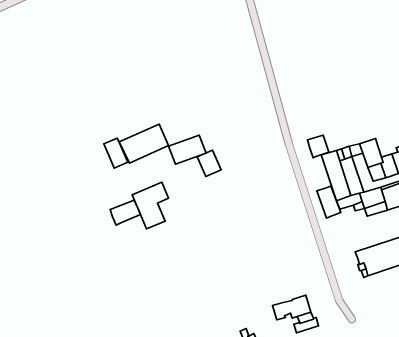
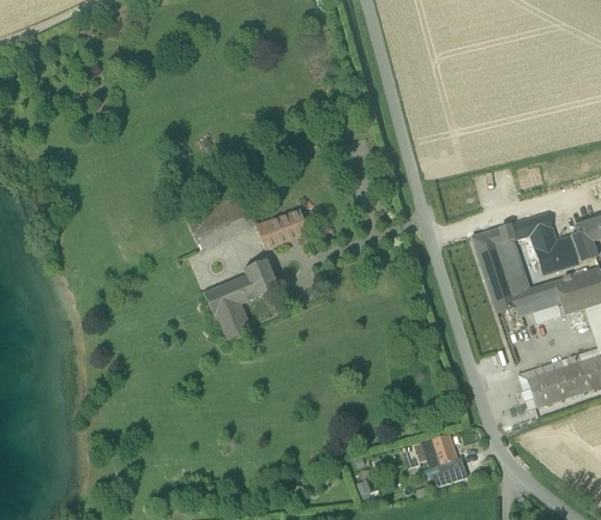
building: [307,135,329,158] -> none
building: [104,138,128,168] -> none
building: [197,150,221,177] -> [245,260,278,297]
building: [317,186,341,218] -> none
building: [110,200,140,225] -> none

